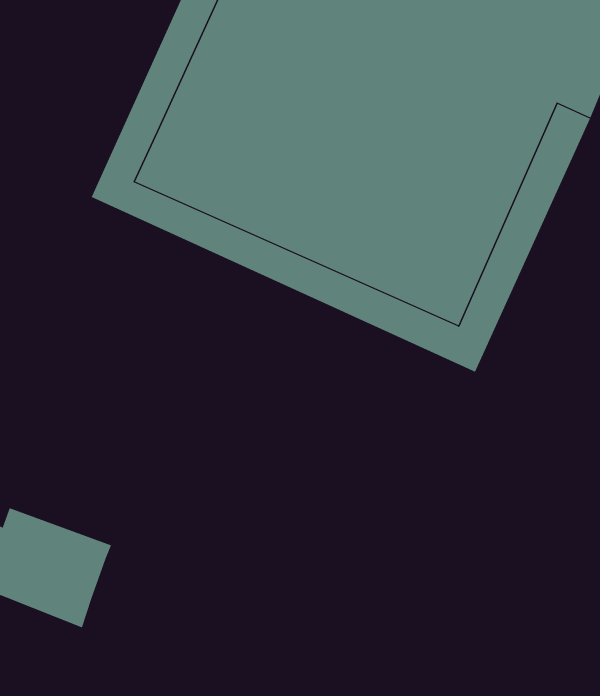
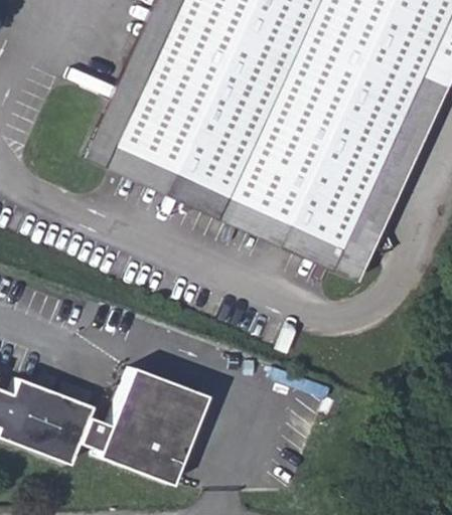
building: none -> [85,364,212,485]

